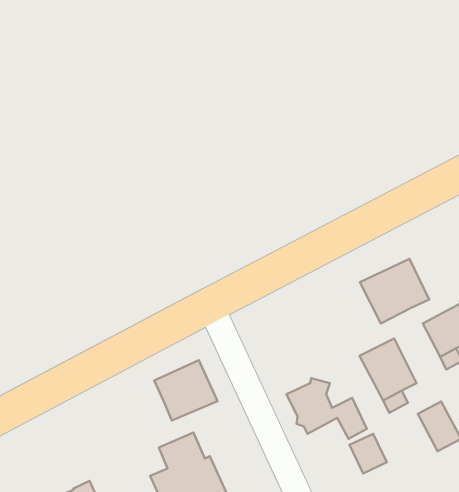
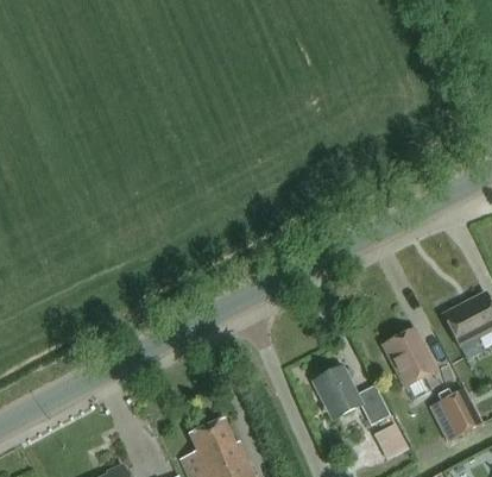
building: [360,259,429,324] -> none
building: [154,360,217,420] -> none

